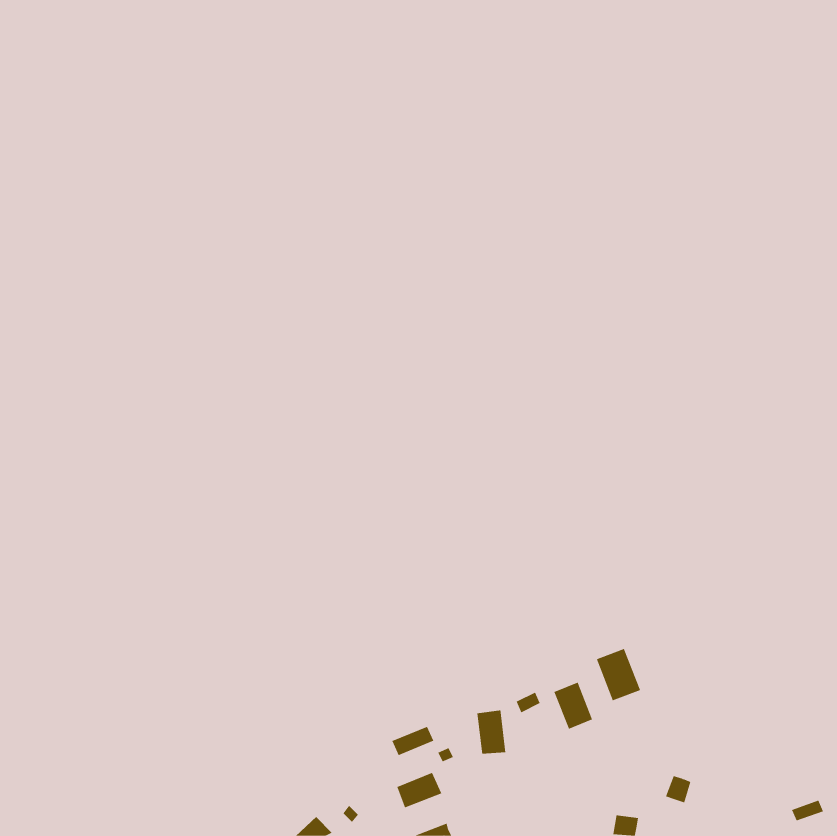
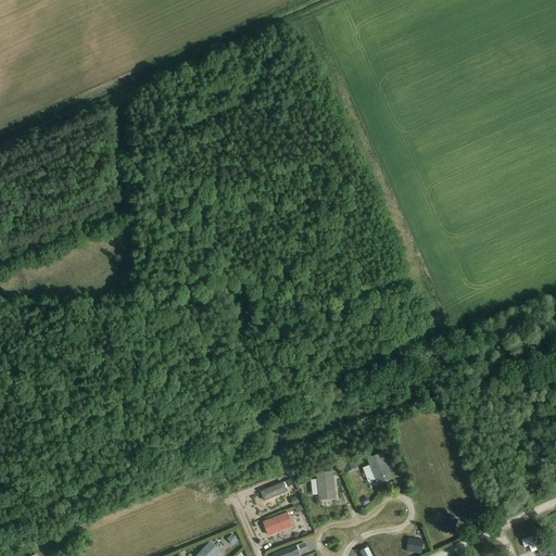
building: [596,648,641,701] -> none

